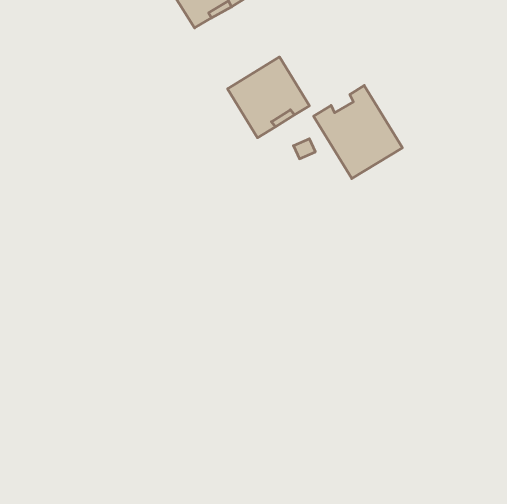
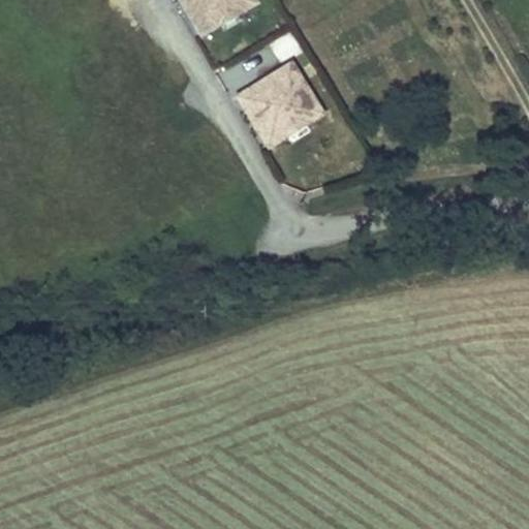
building: [314,85,402,179] -> none

